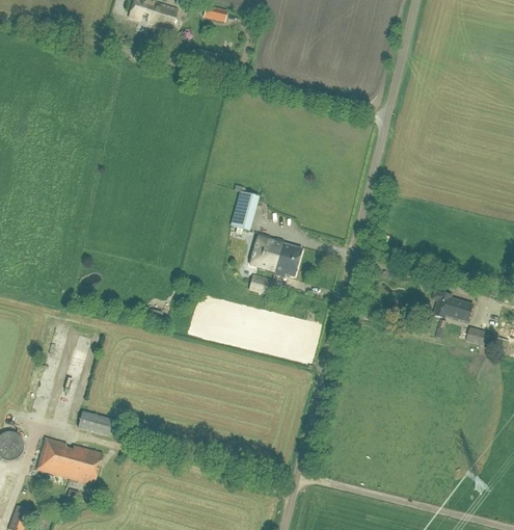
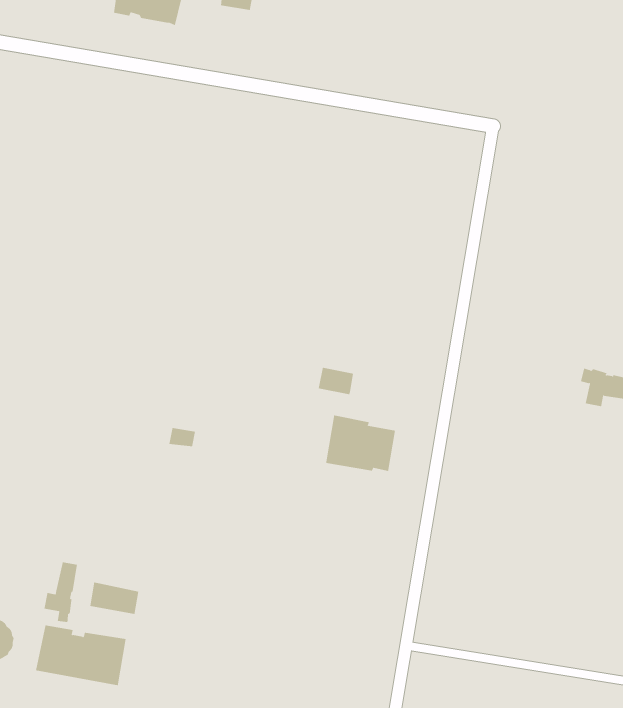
building: [229,190,260,231] -> none
building: [250,234,301,276] -> [325,415,396,471]
building: none -> [44,562,78,623]

